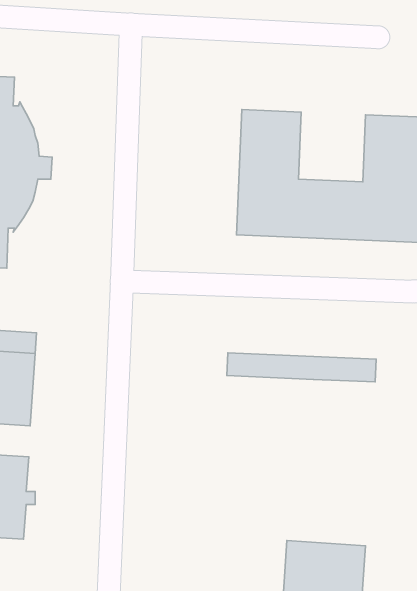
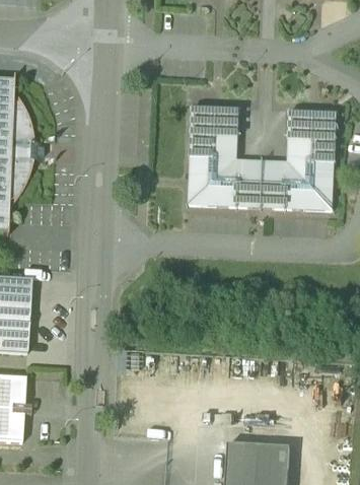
building: [227,353,376,382] -> none

